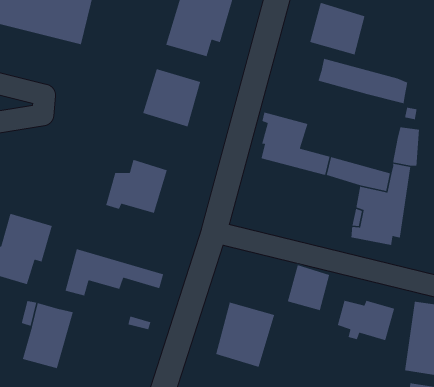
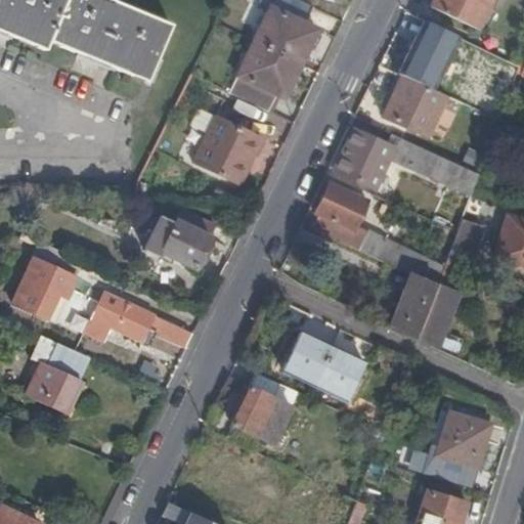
building: none -> [334,126,391,187]
building: none -> [282,330,333,383]
building: [337,300,395,341] -> none

